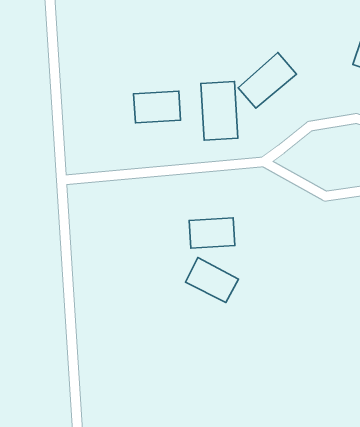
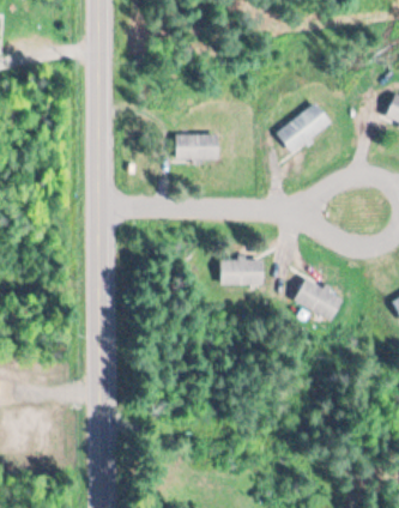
building: [201,82,238,140] -> none
building: [186,258,238,303] -> [294,277,344,321]

